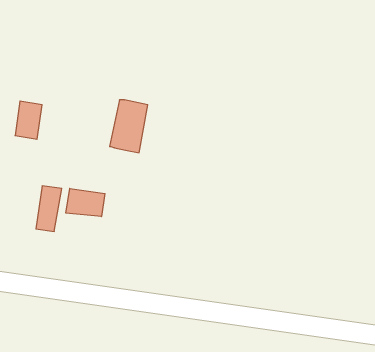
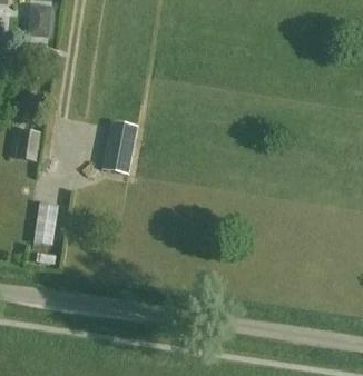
building: [66,188,105,217] -> none

